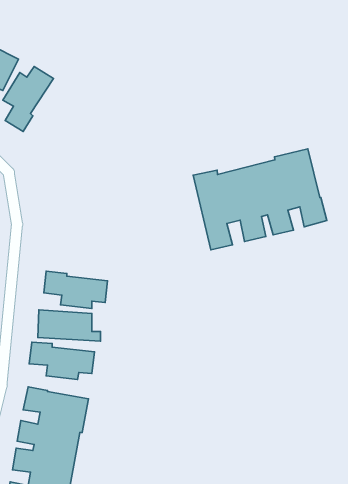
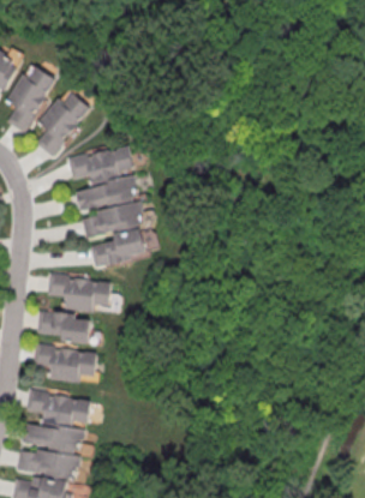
building: none -> [34,95,88,158]
building: none -> [66,146,146,268]
building: [193,149,327,250] -> none

